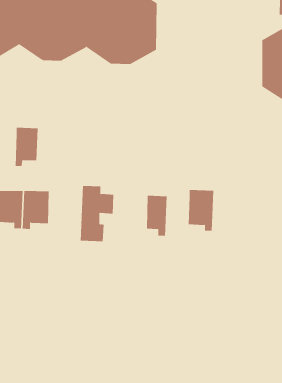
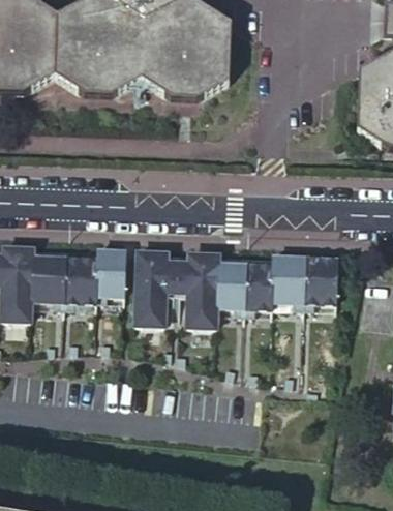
building: [15,127,39,167] -> [94,249,124,299]
building: none -> [176,253,219,324]
building: none -> [301,257,337,309]
building: none -> [242,264,271,314]

